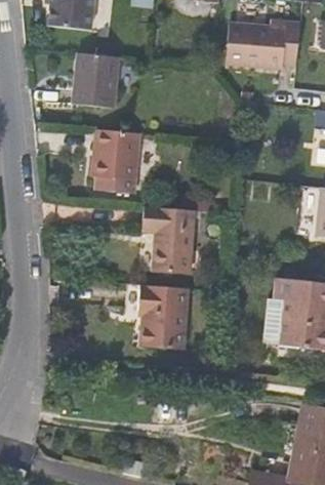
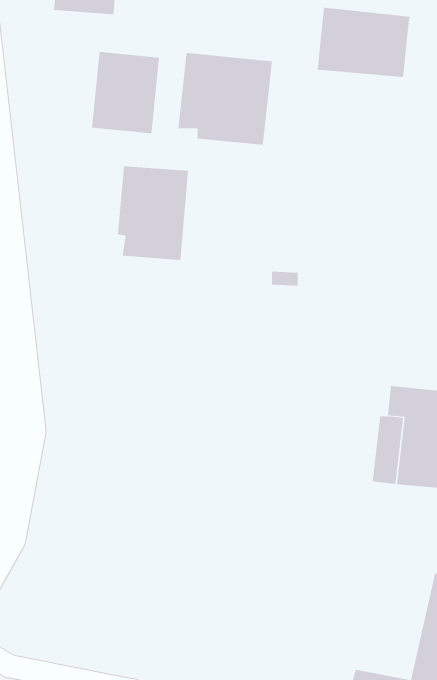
building: none -> [178,52,273,145]
building: [143,207,194,277] -> none
building: [139,285,189,352] -> none

